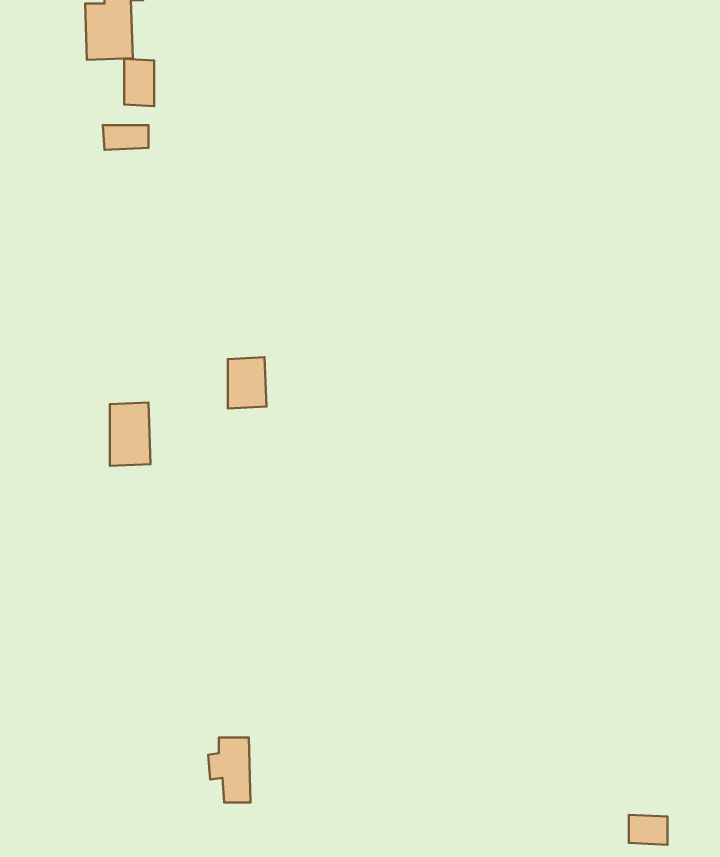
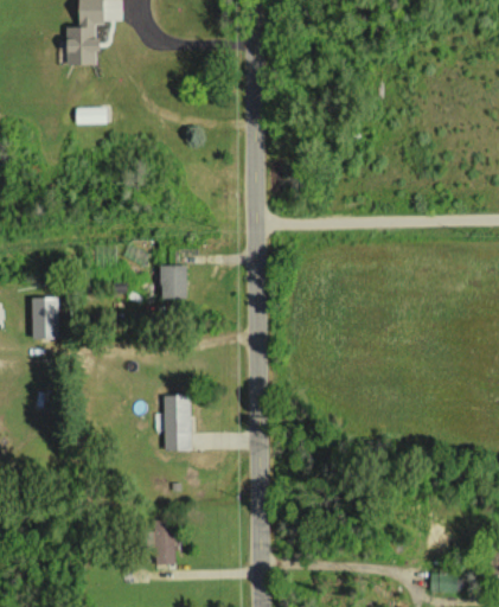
building: [124,59,154,106] -> none
building: [110,402,150,466] -> [32,296,59,339]
building: none -> [164,395,191,451]

